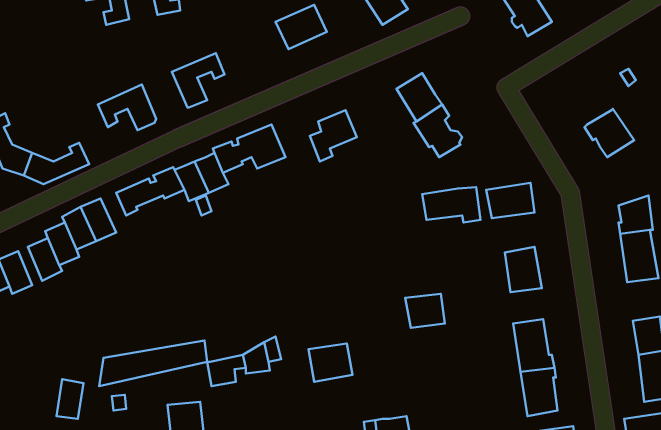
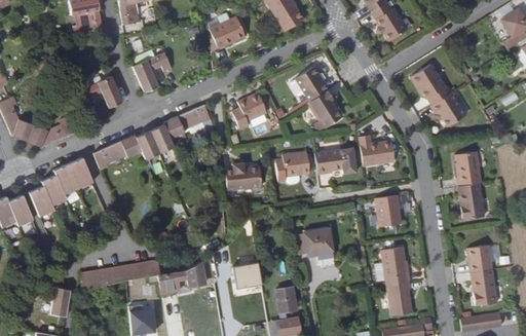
building: none -> [413,65,451,104]
building: none -> [275,152,310,185]
building: none -> [225,163,262,191]
building: none -> [274,285,296,311]

